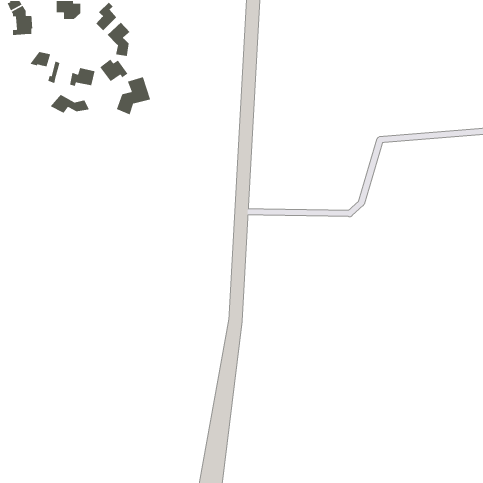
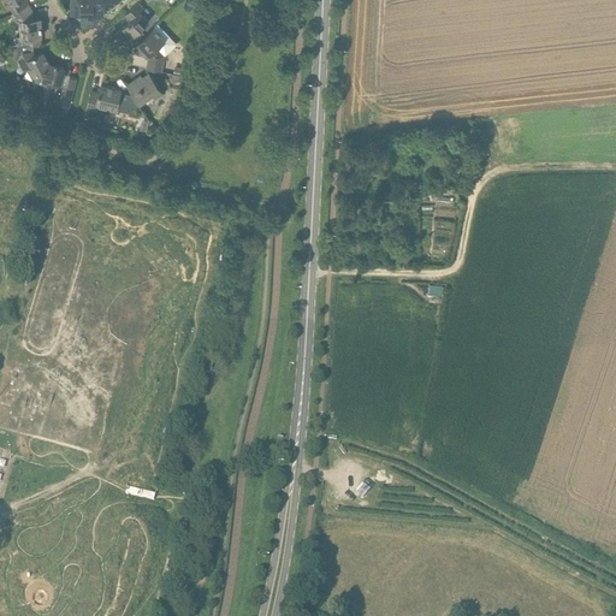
building: none -> [7,45,49,82]
building: [116,76,151,116] -> none
building: [50,94,90,114] -> none

